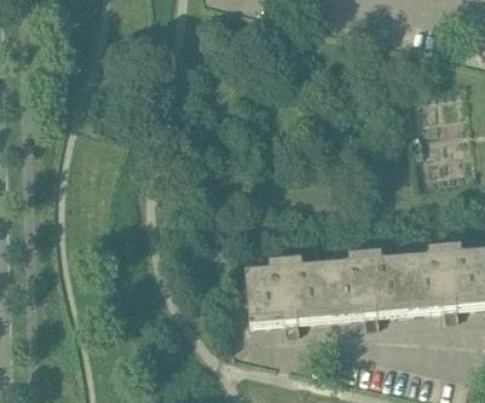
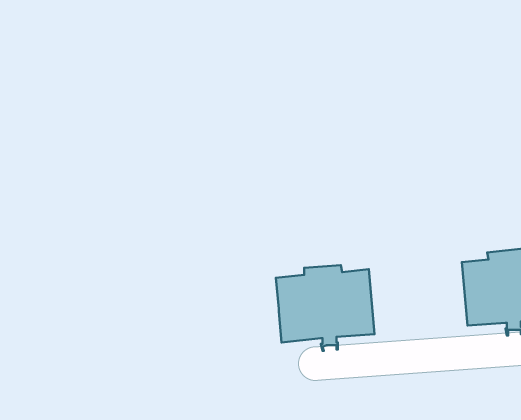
building: [327,248,411,322] -> none

